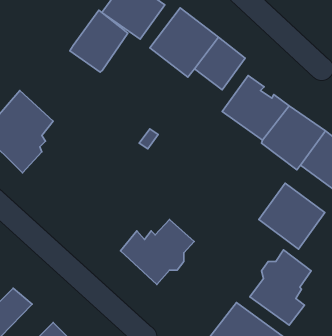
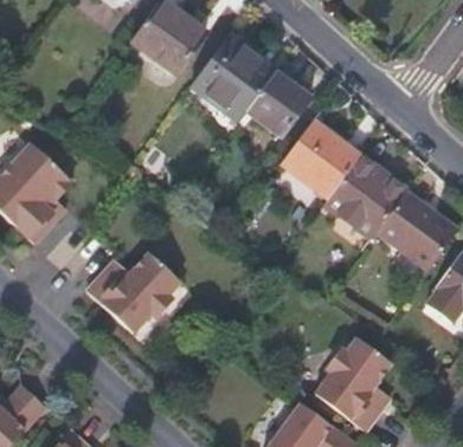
building: [70,10,128,72] -> none
building: [259,183,325,249] -> none
building: [121,219,194,284] -> [89,251,180,331]

